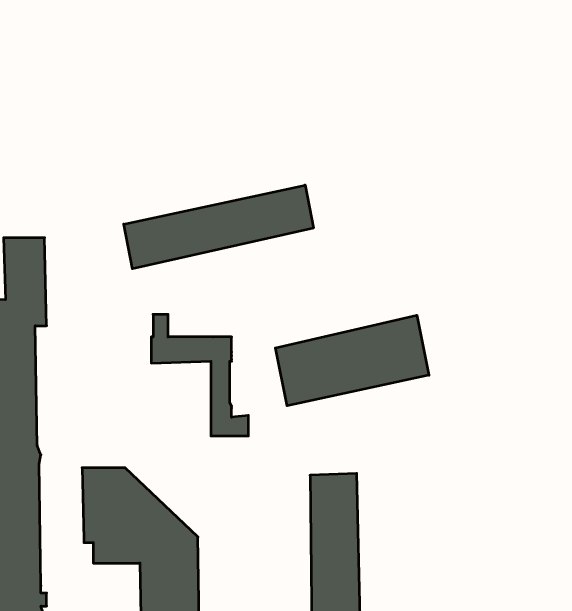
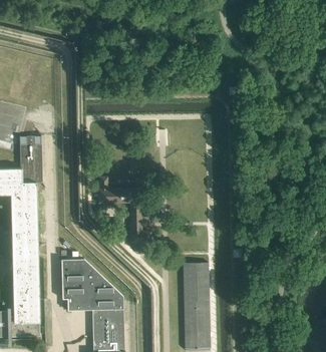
building: [124,185,313,269] -> none
building: [275,315,429,406] -> none

